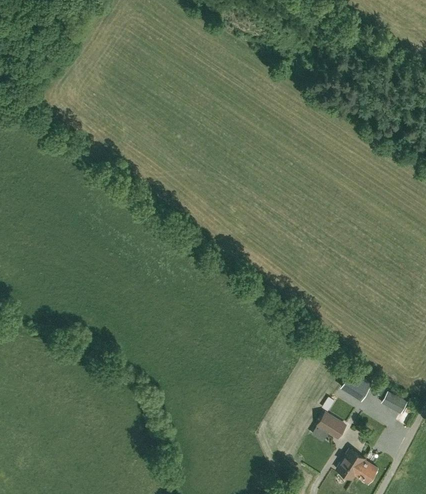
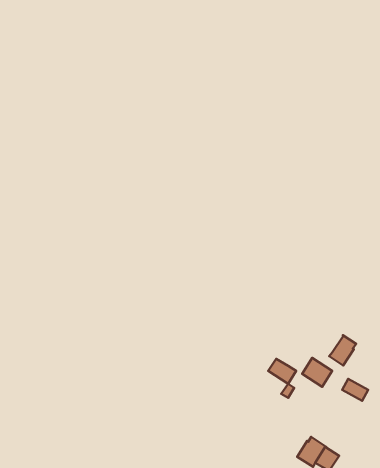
building: none -> [329,335,356,365]
building: [317,414,345,439] -> [268,359,296,384]

